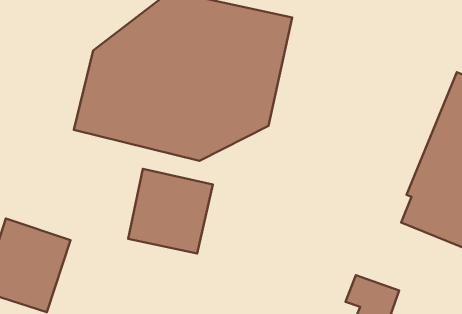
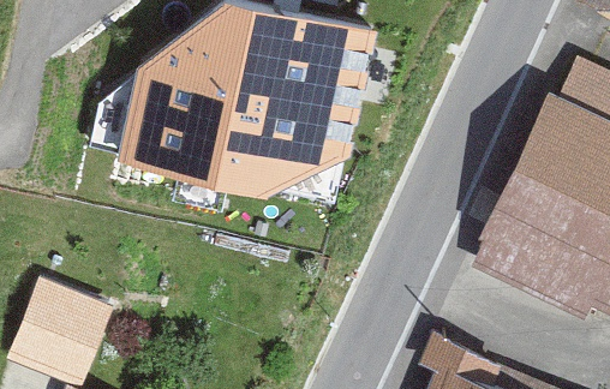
building: [128,169,213,254] -> none

